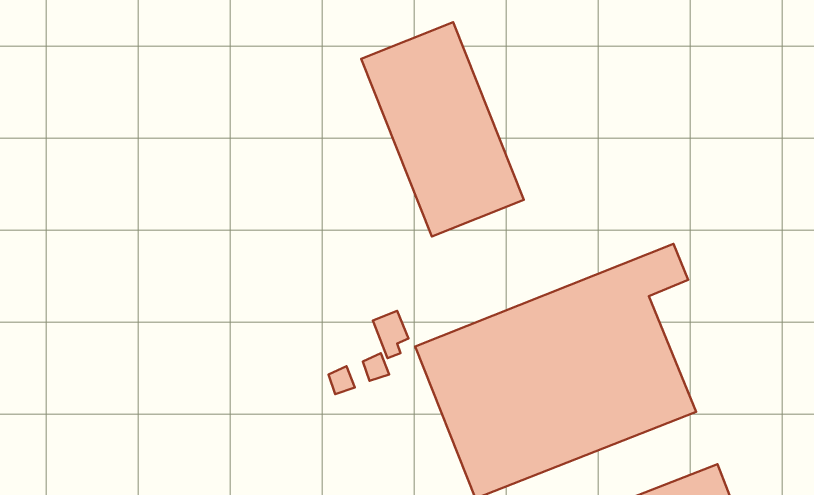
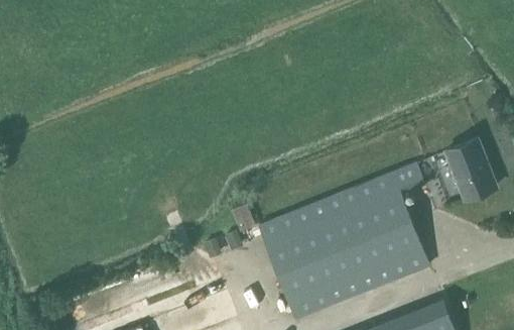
building: [361,22,524,236] -> none
building: none -> [443,138,497,202]

